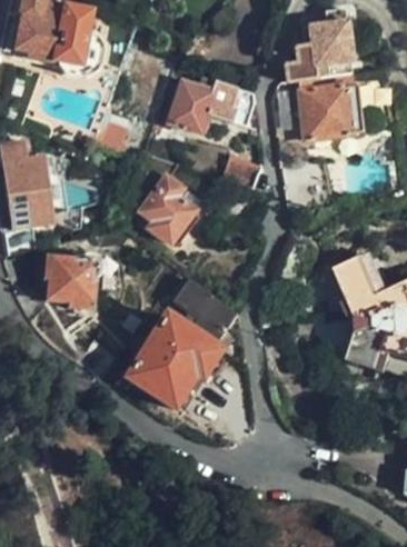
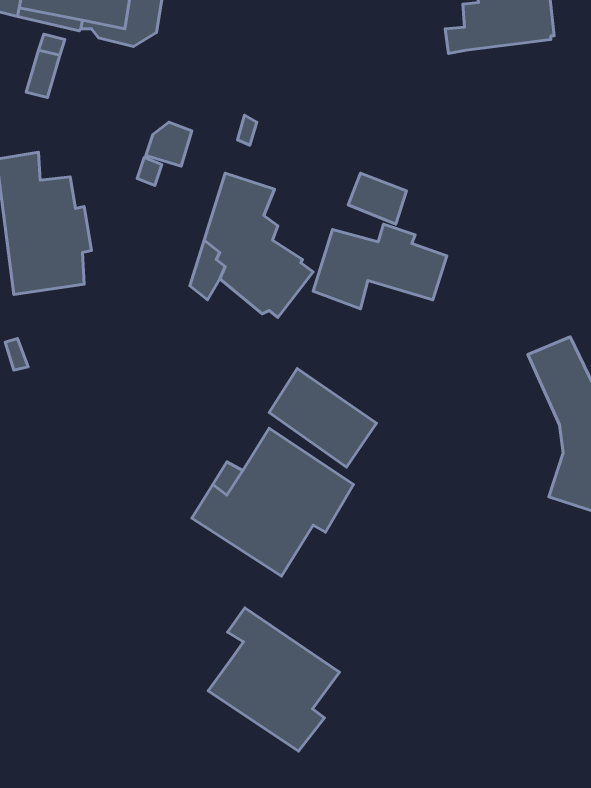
building: [297,68,361,138] -> none
building: [170,78,255,131] -> [313,224,447,309]
building: [46,251,103,305] -> none
building: none -> [208,608,339,751]

